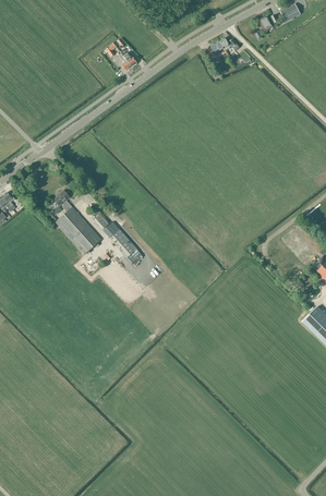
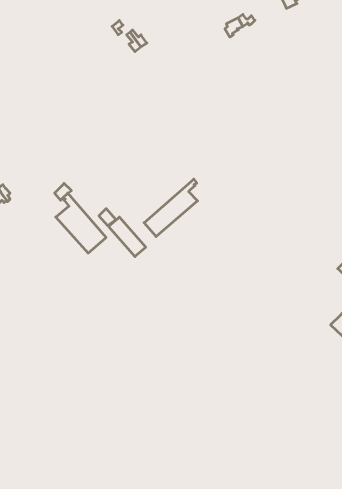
building: none -> [144,179,198,237]

